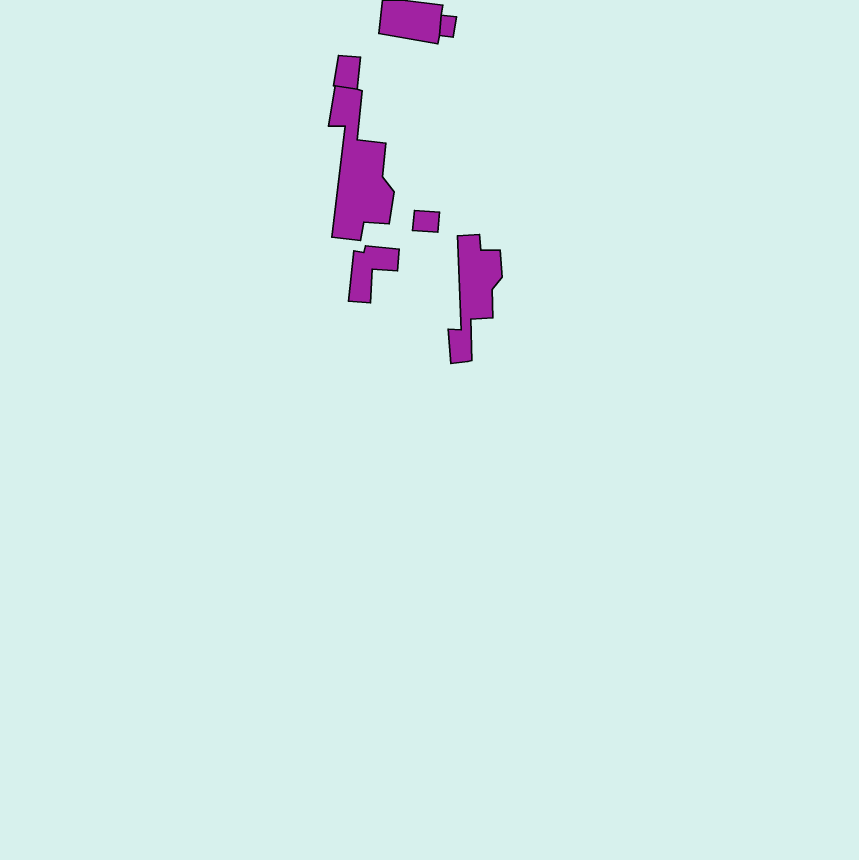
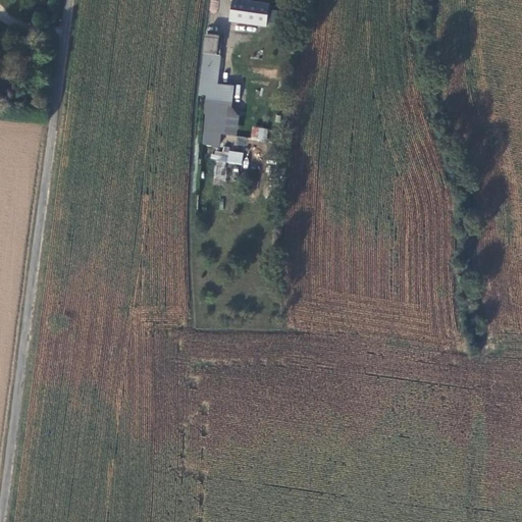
building: [448,235,502,363] -> none

